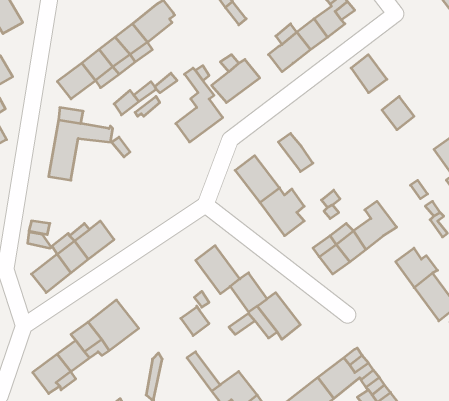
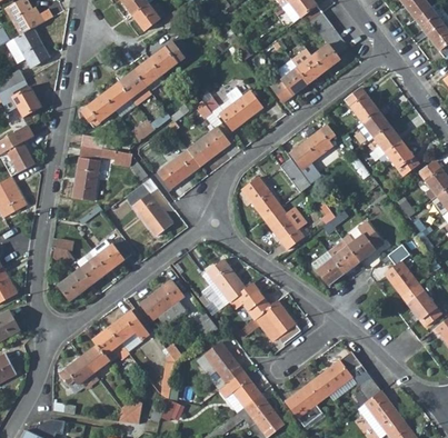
building: none -> [356,109,389,141]
building: none -> [291,125,336,185]
building: none -> [380,142,419,176]
building: none -> [159,149,200,188]
building: none -> [126,178,172,236]
building: none -> [140,279,185,327]
building: none -> [206,342,245,385]

